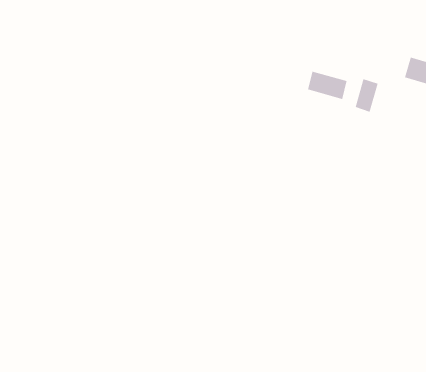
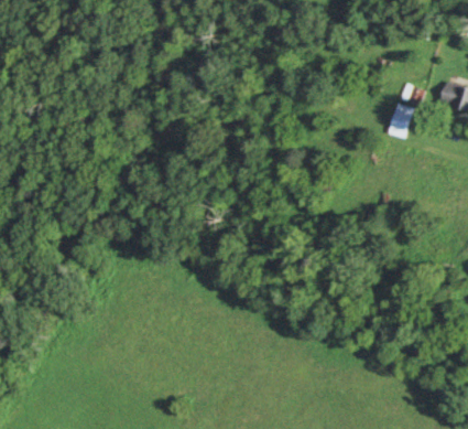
building: [308,71,347,100] -> none

